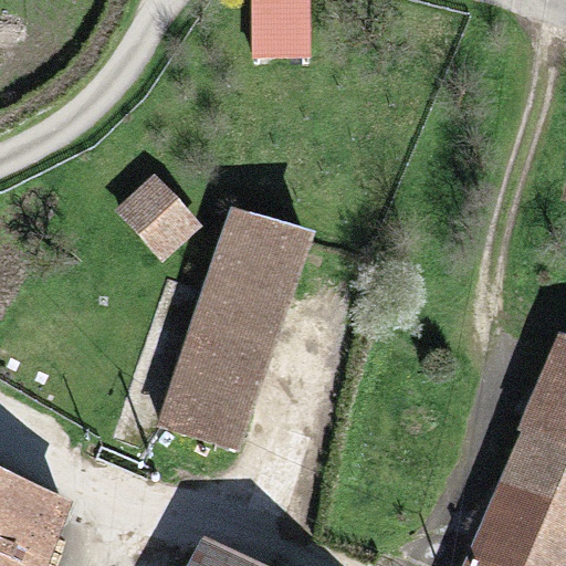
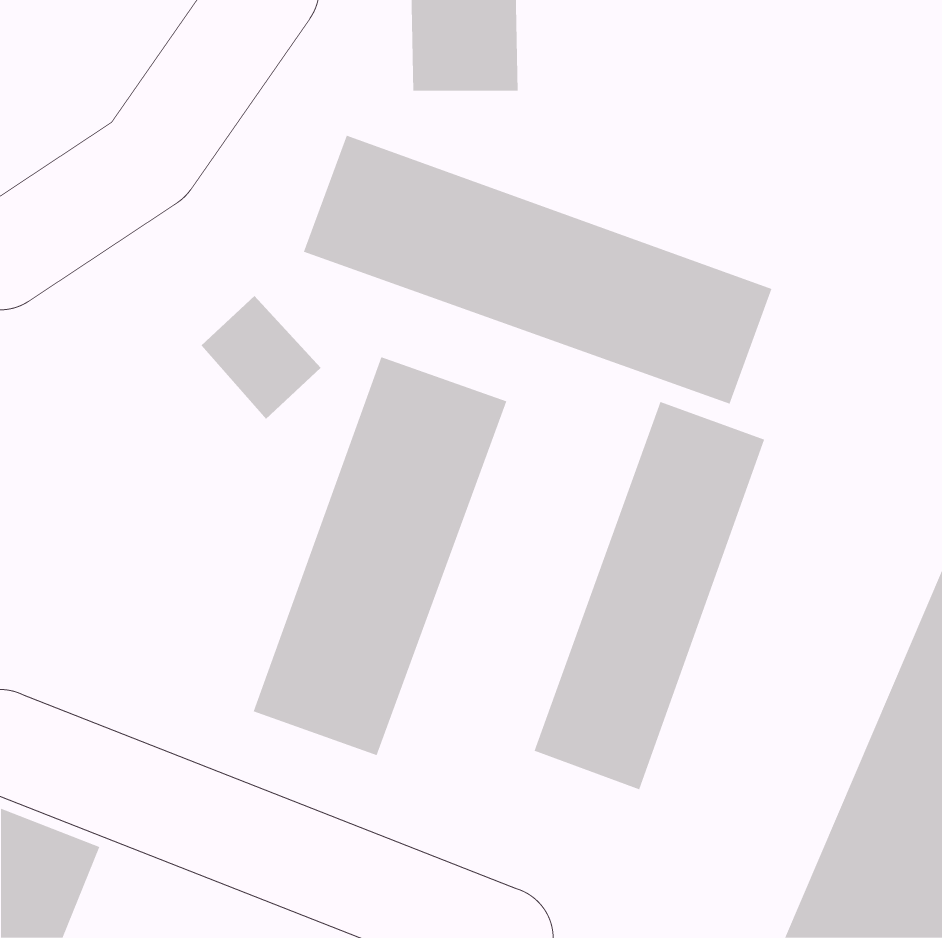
building: none -> [303,135,772,404]
building: none -> [534,401,765,790]

